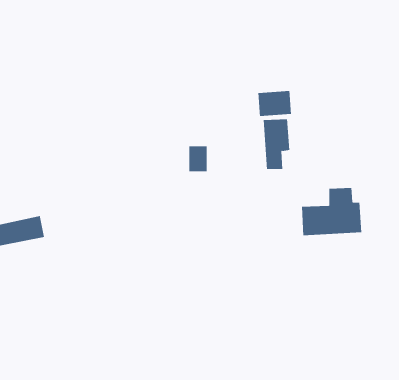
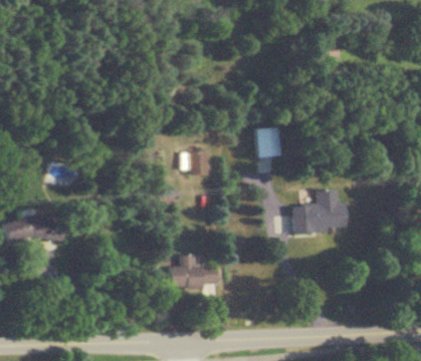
building: [258,90,292,117] -> none
building: none -> [172,255,219,286]

